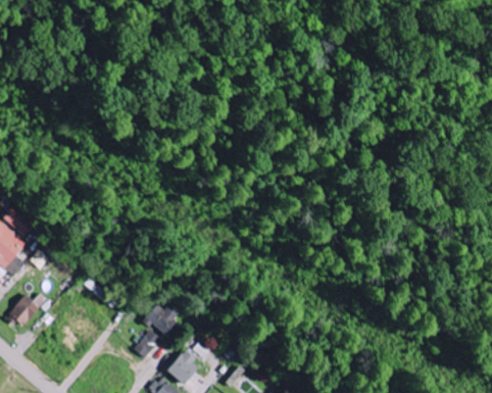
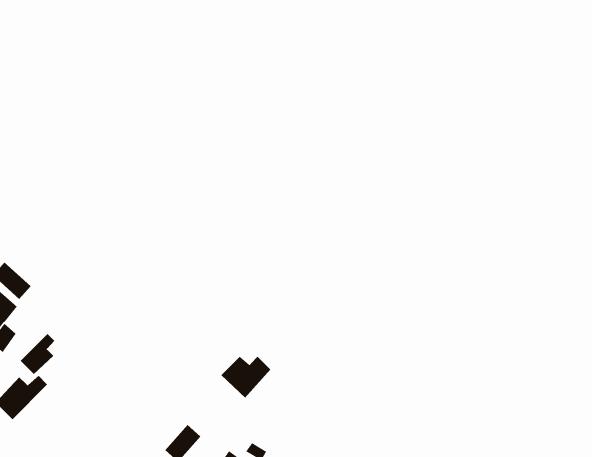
building: none -> [20,333,55,375]
building: [144,304,182,336] -> [221,356,271,398]

